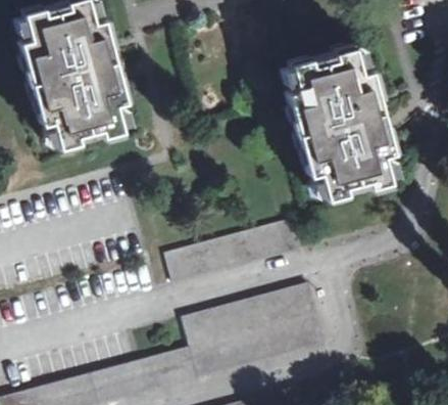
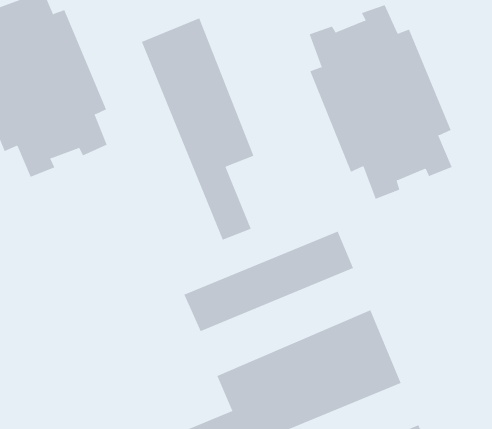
building: none -> [141,18,254,241]

